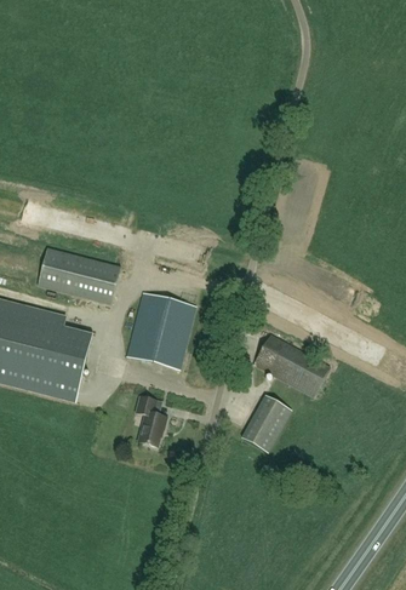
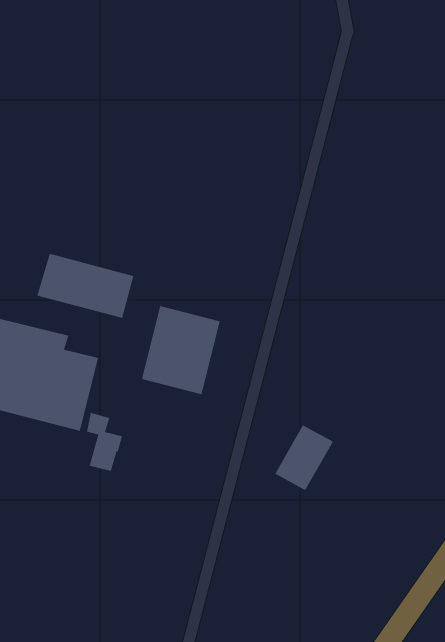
building: [253,332,330,395] -> none
building: [136,395,167,446] -> [86,412,123,472]

